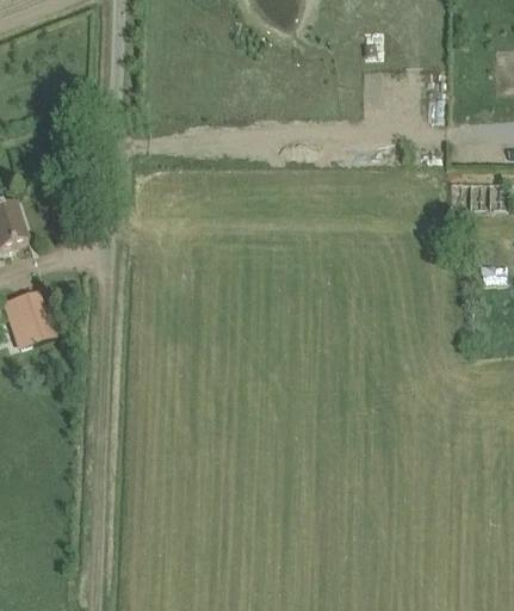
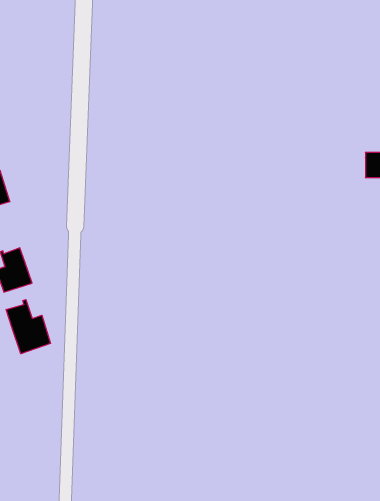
building: none -> [6,300,51,354]

